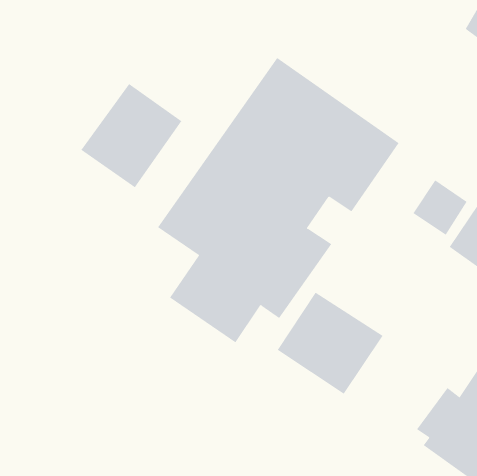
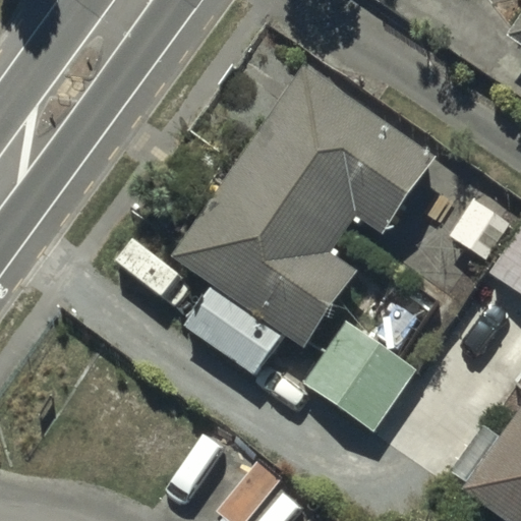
building: [81,83,182,188] -> none

